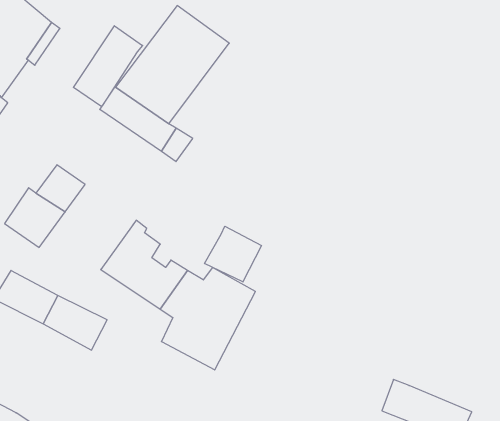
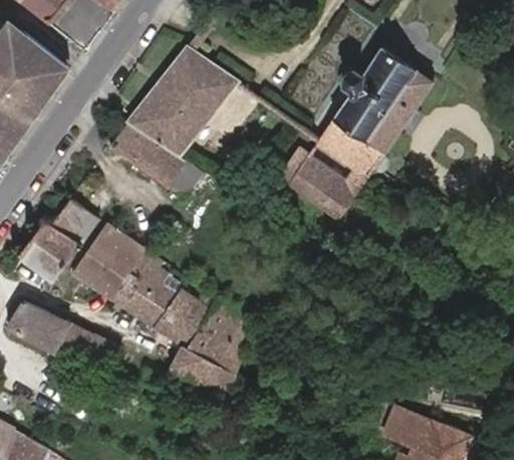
building: none -> [262,46,432,220]
building: [73,26,143,106] -> none
building: none -> [73,231,143,300]
building: [205,226,261,282] -> none

